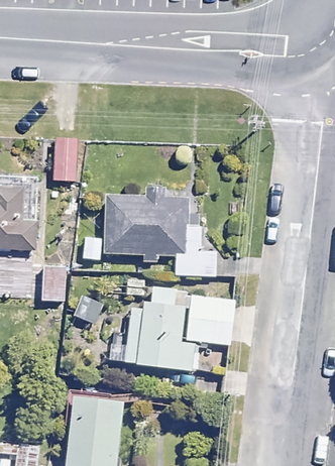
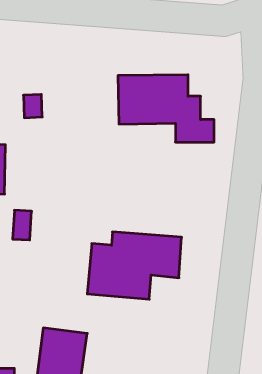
building: [107,199,215,274] -> [118,75,214,142]

